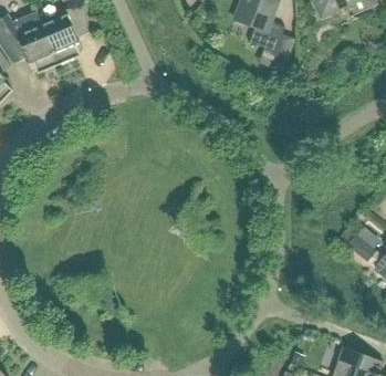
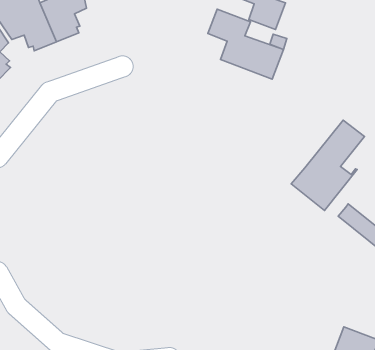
building: none -> [208,9,283,79]
building: none -> [291,120,364,210]

